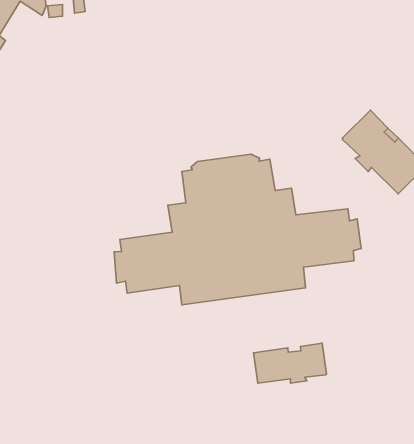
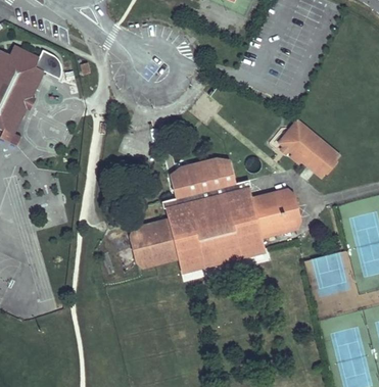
building: [254,343,326,383] -> none

